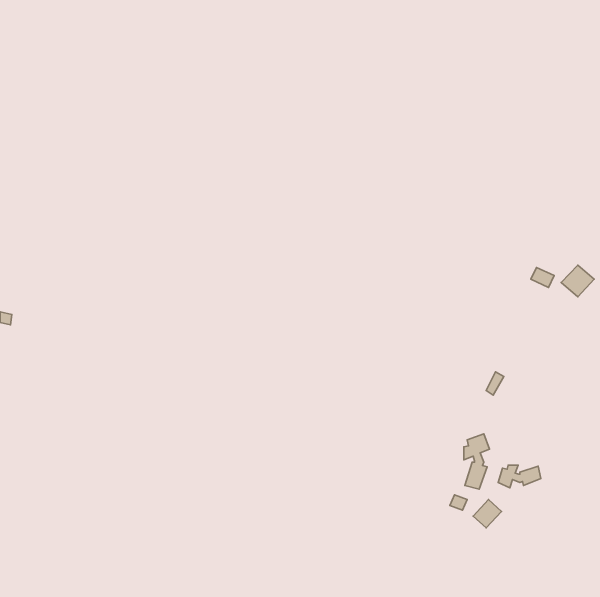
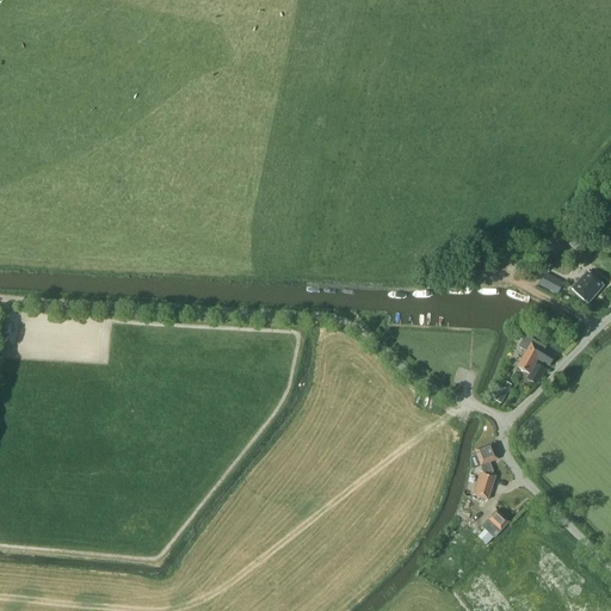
building: none -> [517,334,555,383]
building: [498,465,541,488] -> none

